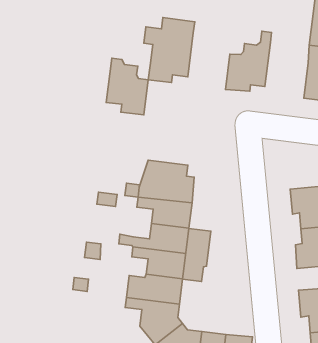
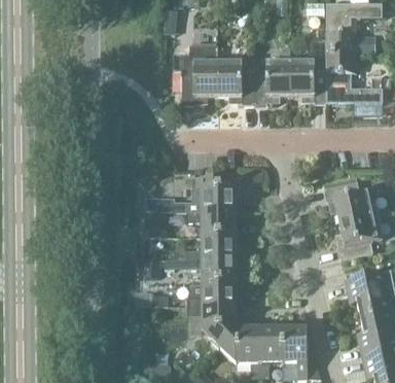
building: none -> [290,39,327,103]
building: [106,58,148,115] -> [218,56,254,104]
building: [183,228,211,282] -> none

